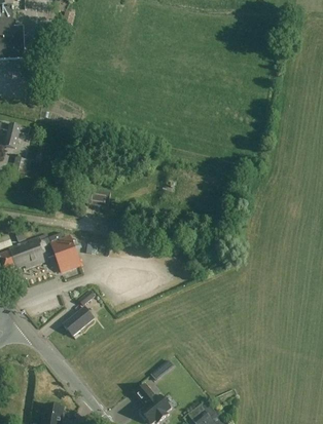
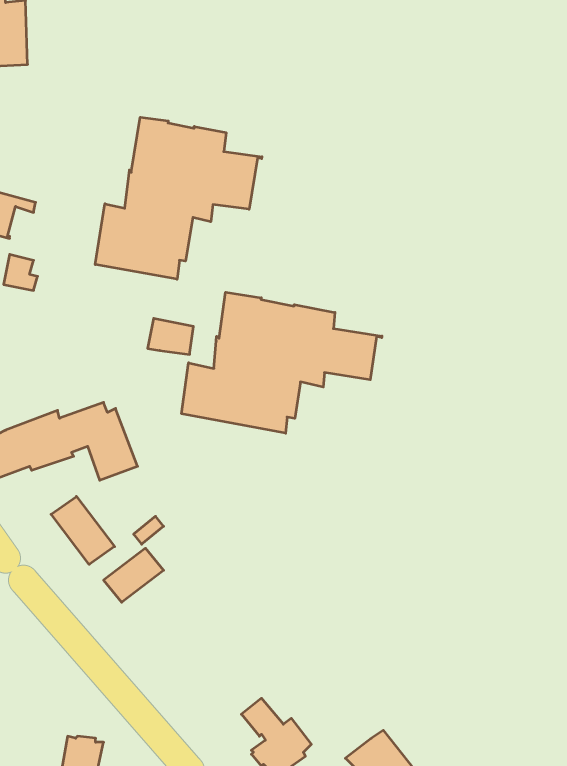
building: none -> [95,117,262,279]
building: none -> [182,292,382,433]
building: none -> [51,496,115,564]

